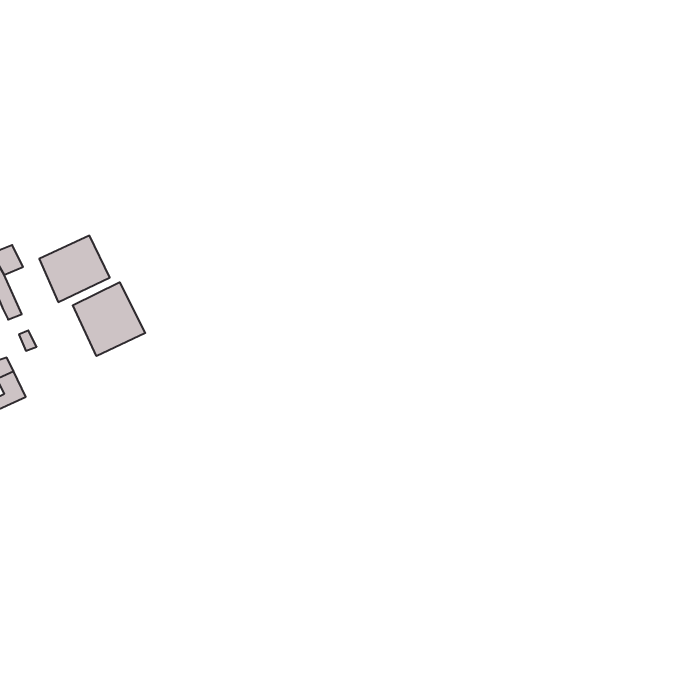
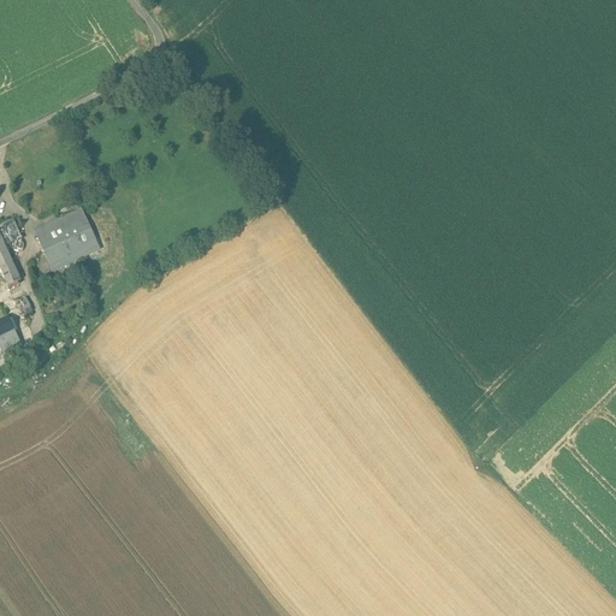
building: [73,282,145,356] -> none

